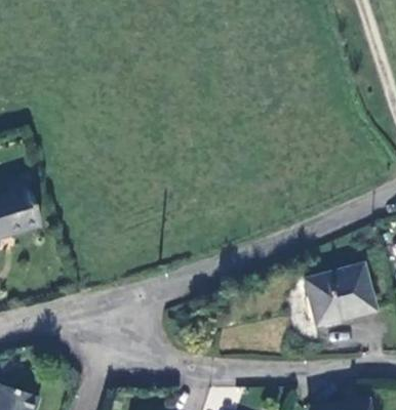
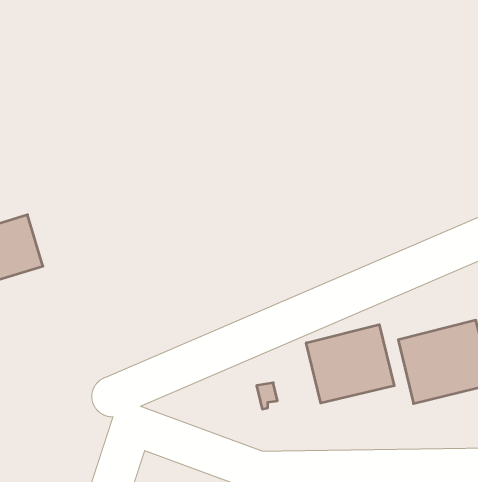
building: none -> [306,325,394,403]

